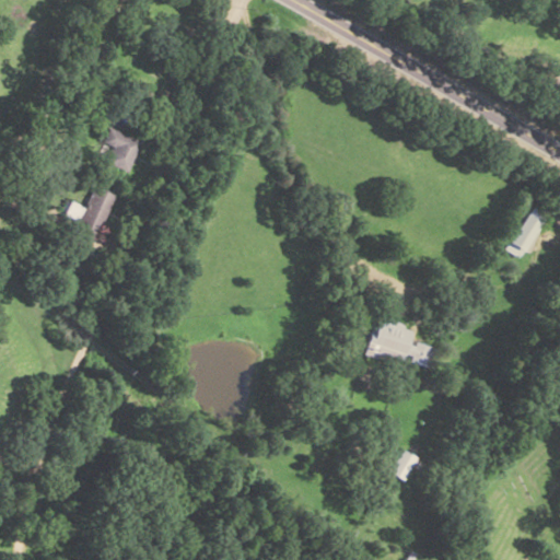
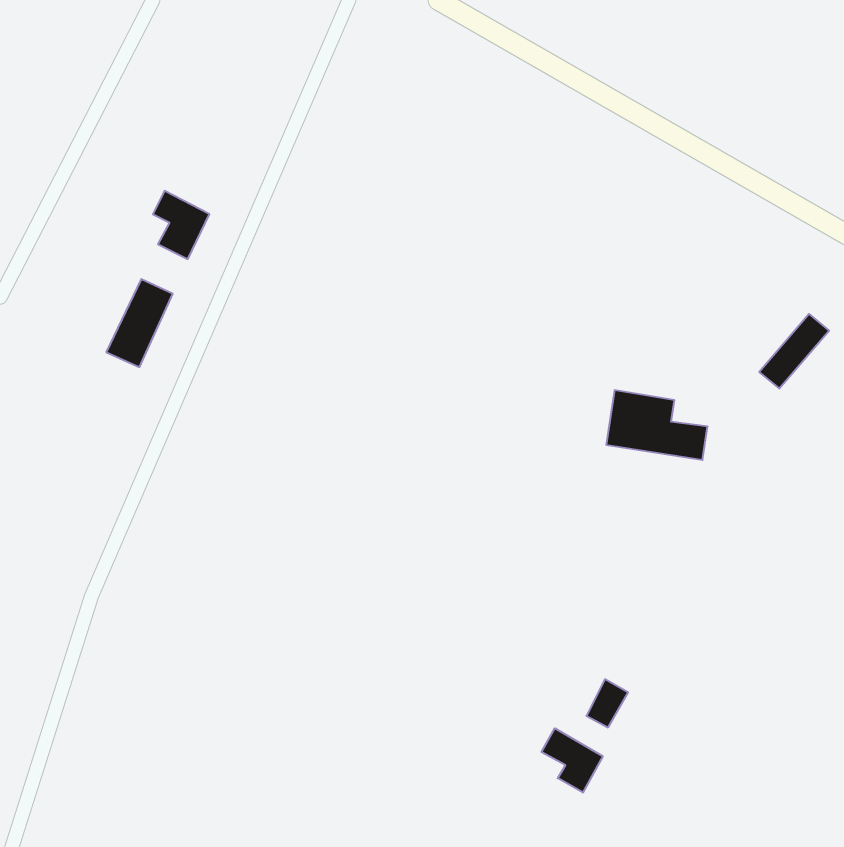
building: [369,322,435,368] -> [606,390,708,460]
building: none -> [541,728,603,793]

